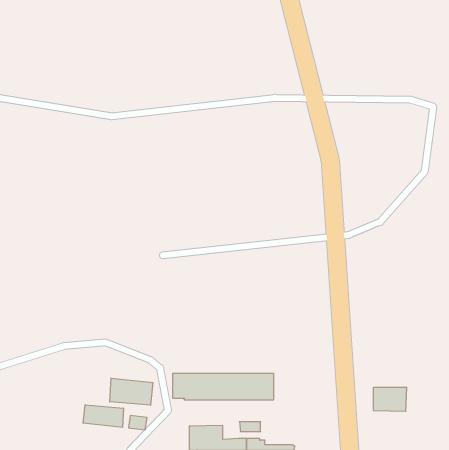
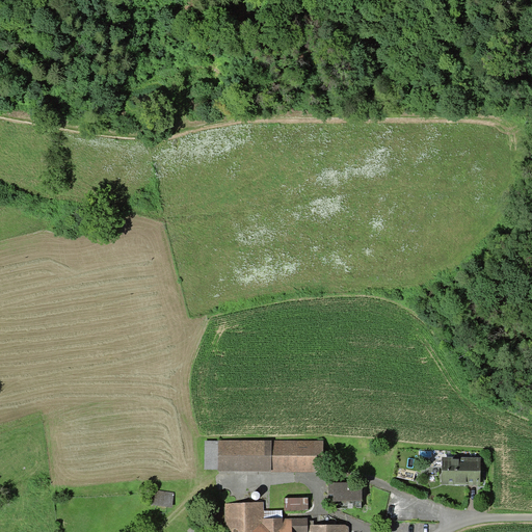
building: [110,378,153,405] -> none
building: [83,405,123,427] -> none
building: none -> [327,482,361,502]

